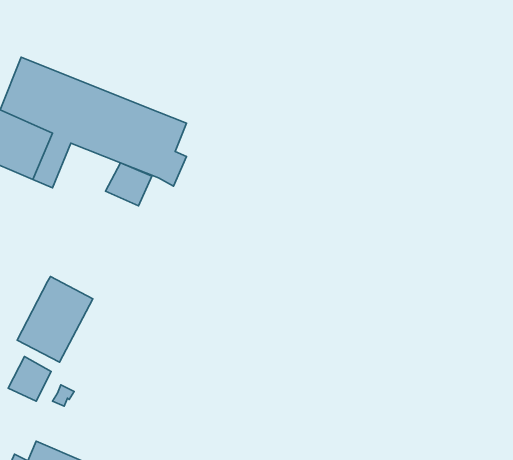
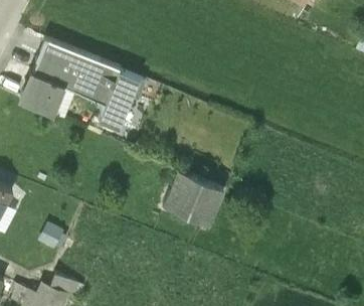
building: none -> [162,168,223,225]
building: [17,277,93,362] -> none

